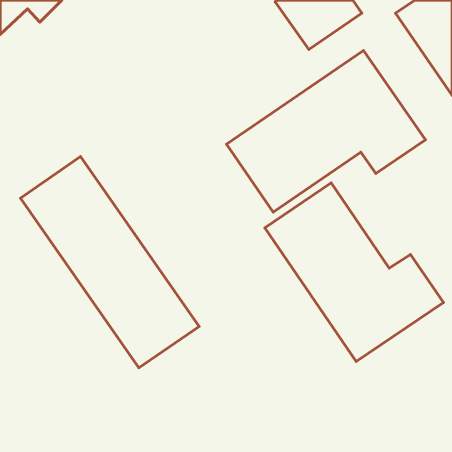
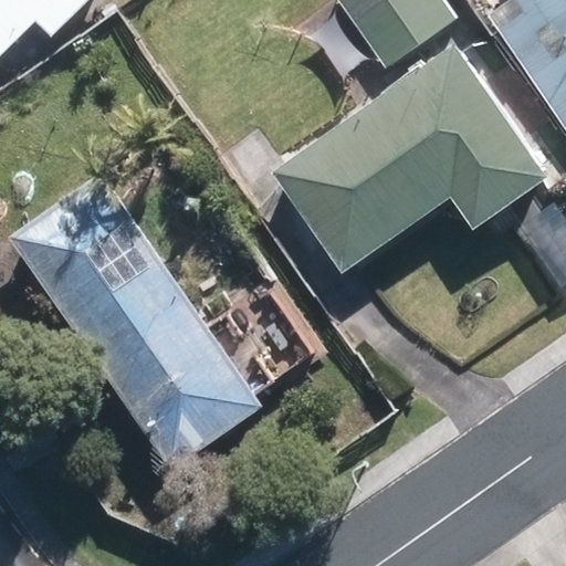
building: [265,183,443,361] -> none

